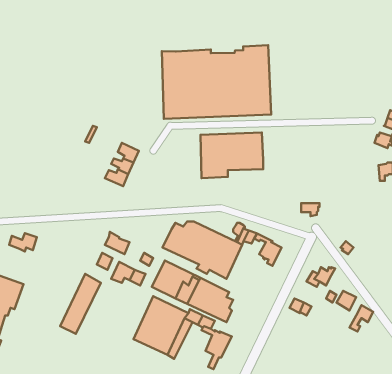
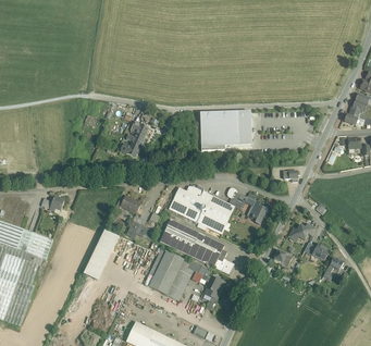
building: [162,45,271,119] -> none

